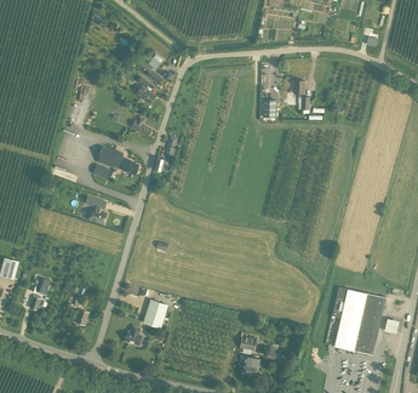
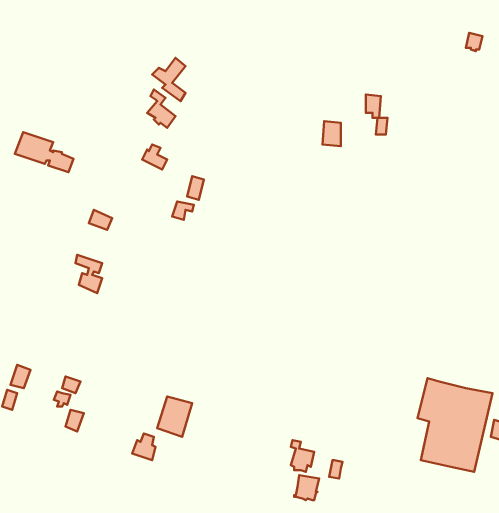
building: [96,146,138,175] -> [15,132,73,172]

